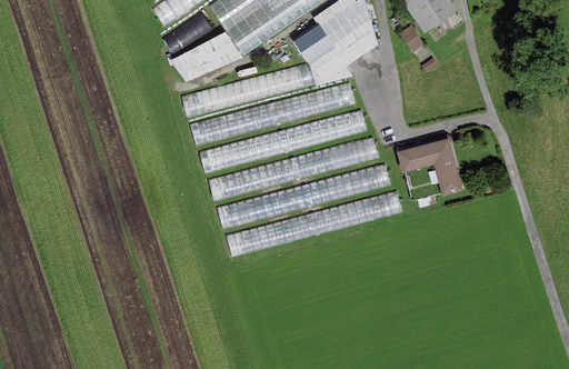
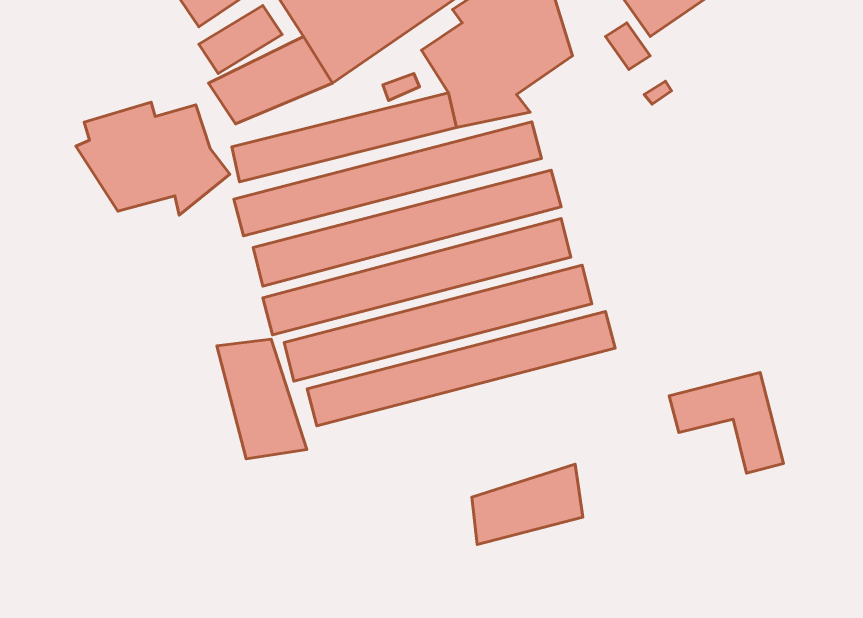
building: none -> [76,102,230,215]
building: [396,137,461,195] -> [669,373,783,473]
building: none -> [217,339,307,459]
building: none -> [472,464,583,545]

